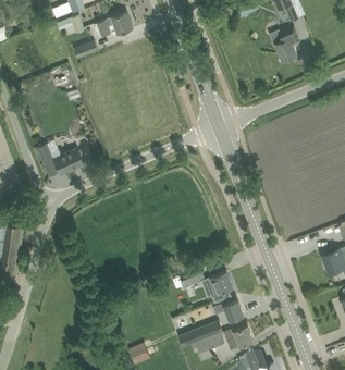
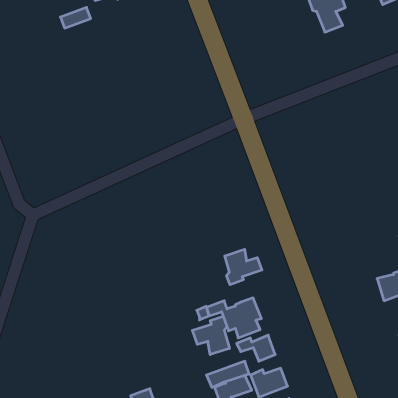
building: [36,140,84,176] -> none
building: none -> [225,249,262,285]
building: none -> [192,316,229,355]

